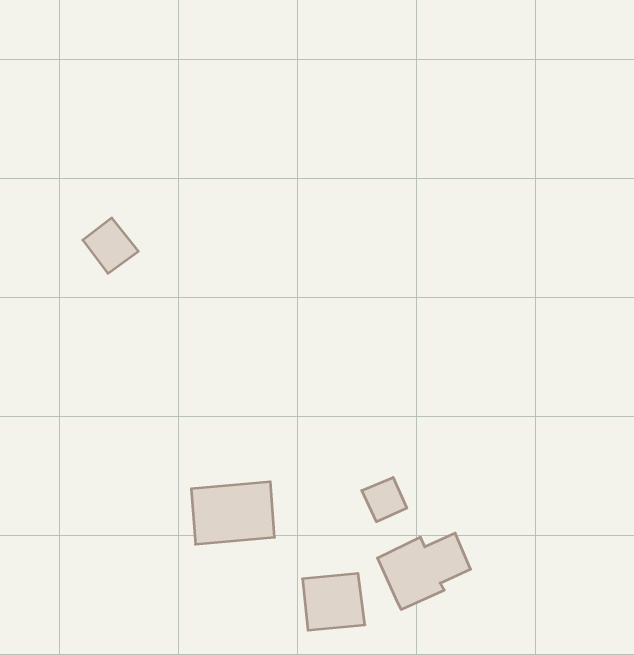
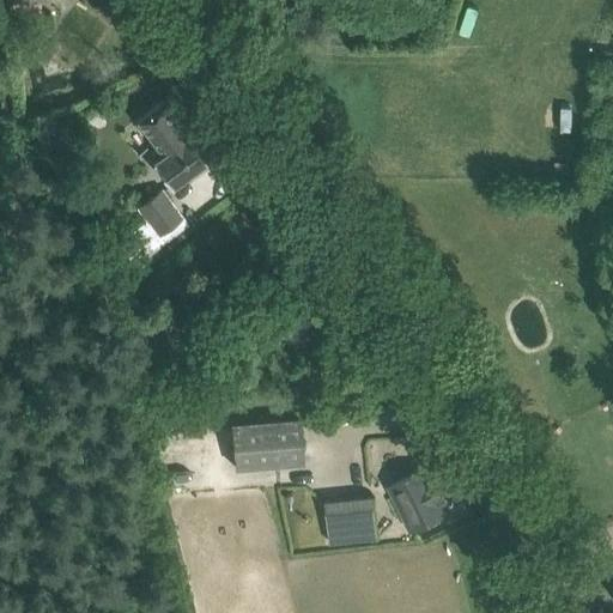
building: none -> [135,105,207,190]
building: [362,477,407,522] -> none

